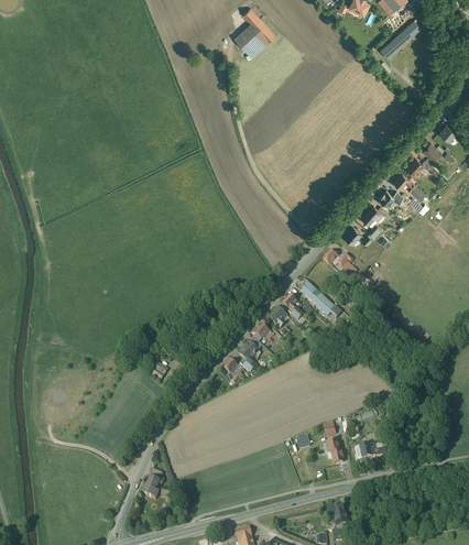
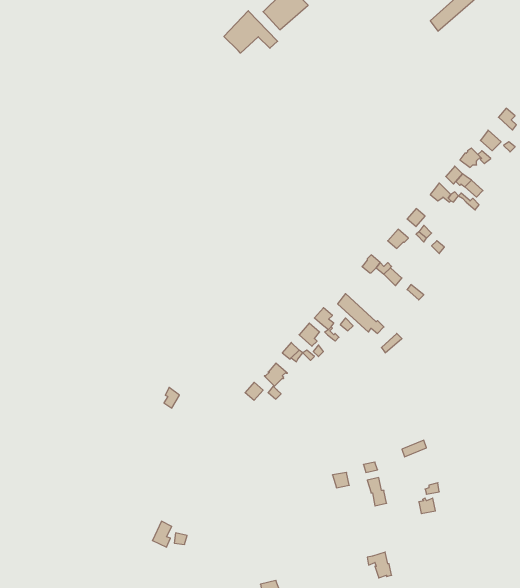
building: none -> [224,11,278,53]

